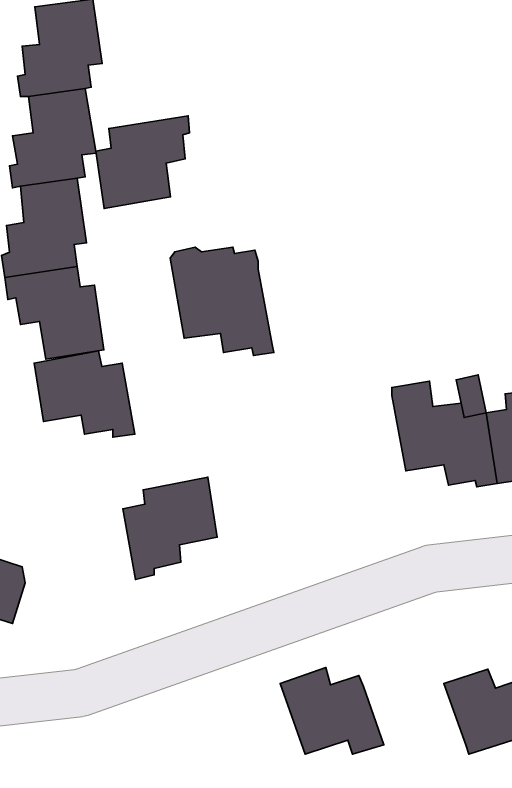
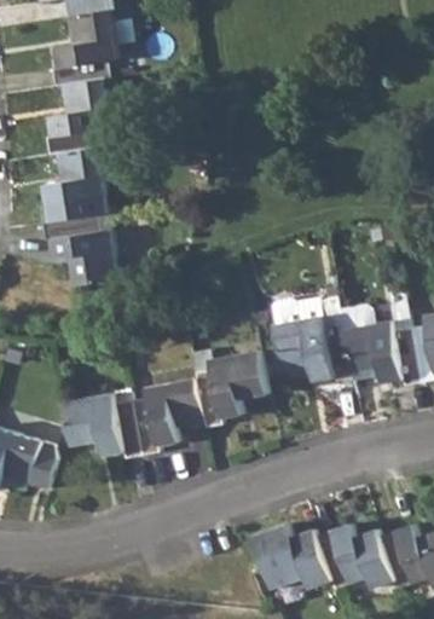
building: [96,116,189,209] -> none
building: [170,247,274,356] -> [271,297,351,381]
building: [34,351,135,437] -> [64,392,141,458]
building: none -> [196,351,266,428]
building: none -> [317,526,395,591]

